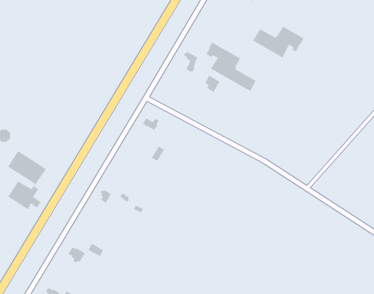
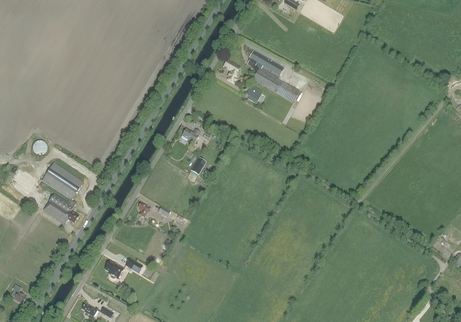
building: [252,26,305,58] -> none

